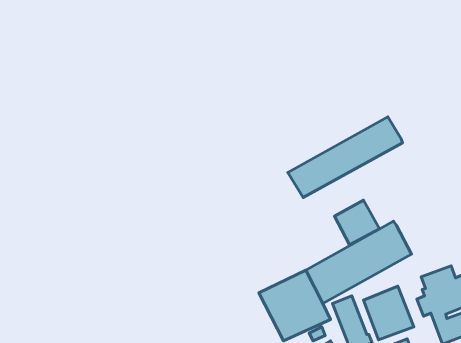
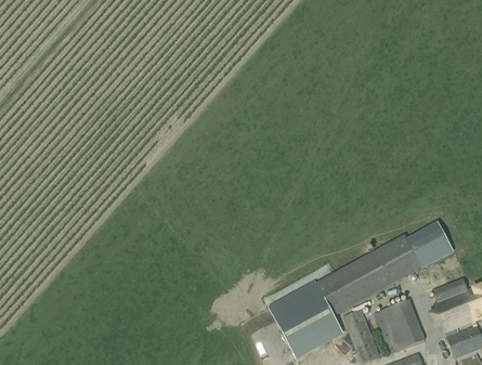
building: [288,117,402,197] -> none
building: [335,200,379,245] -> [407,221,453,266]

